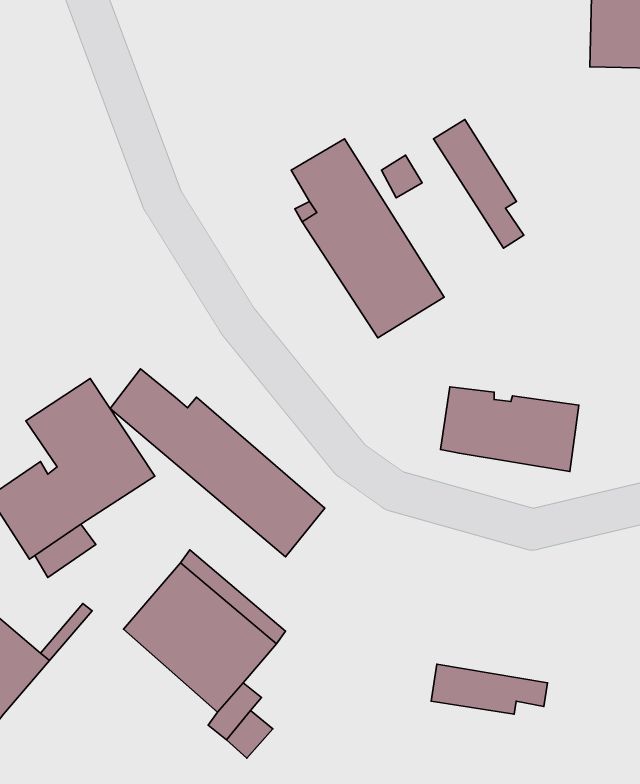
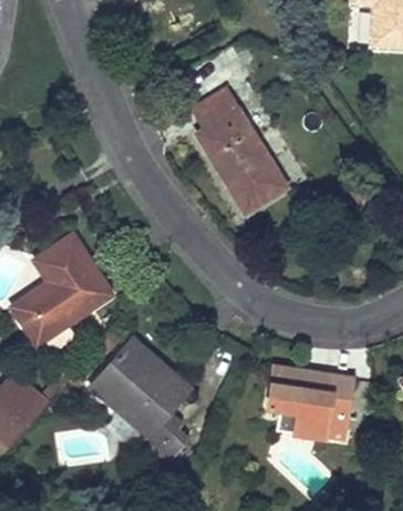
building: [433,119,524,248] -> none
building: [110,369,325,557] -> none
building: [441,387,579,472] -> [269,366,352,417]

